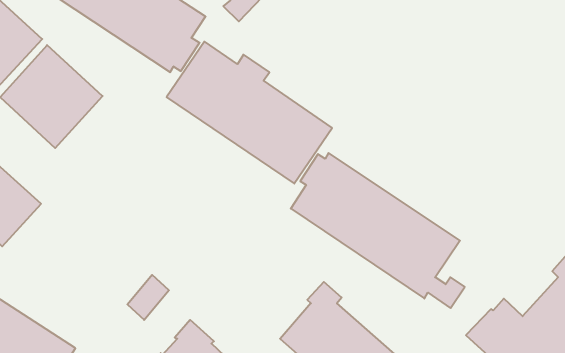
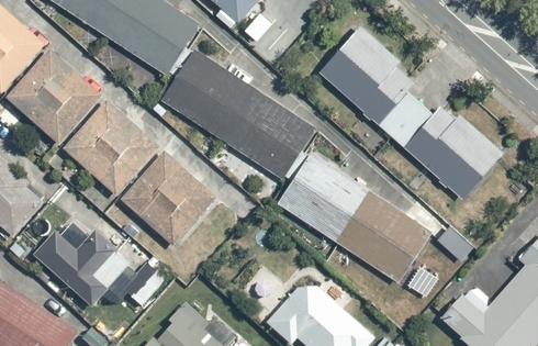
building: none -> [318,30,502,200]
building: none -> [64,100,158,196]
building: none -> [121,154,215,247]
building: none -> [33,231,128,309]

